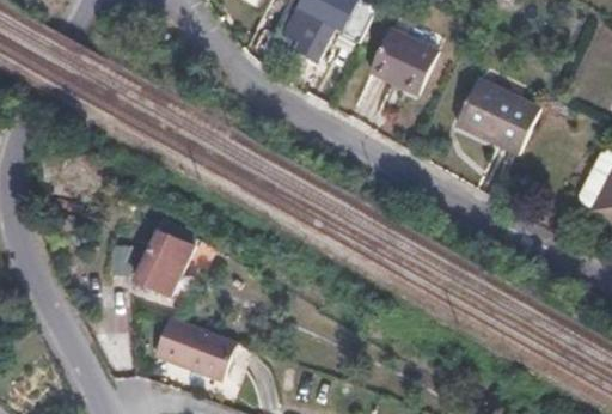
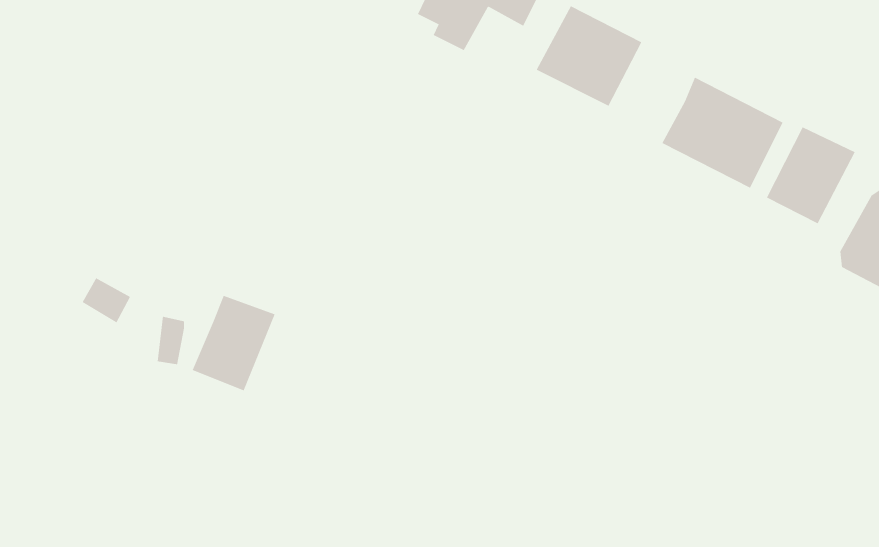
building: none -> [766,127,855,224]
building: [155,316,237,380] -> none

